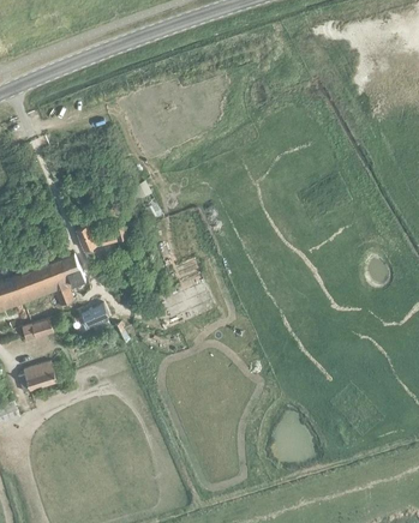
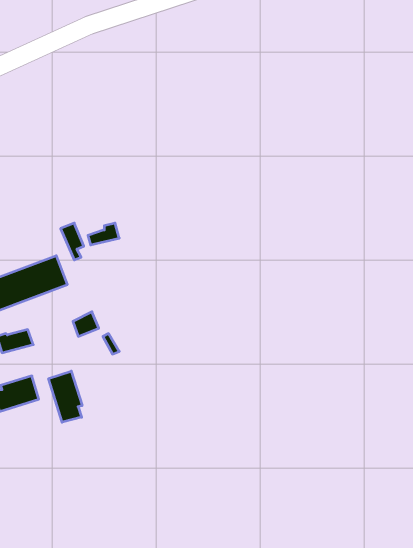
building: none -> [49,371,82,422]

